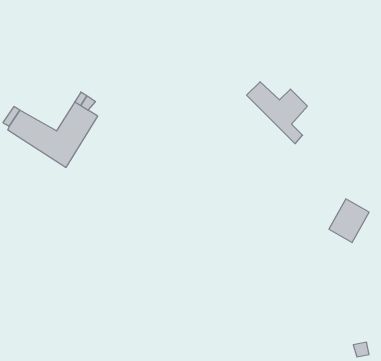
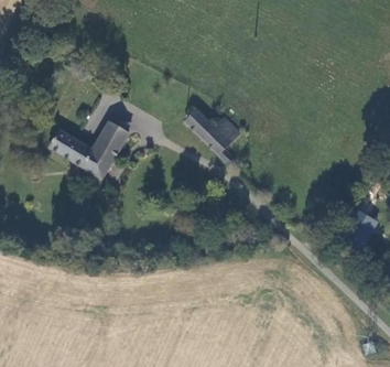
building: [247,82,307,144] -> [185,109,240,165]

